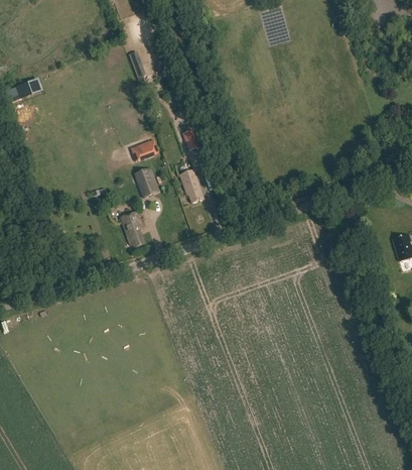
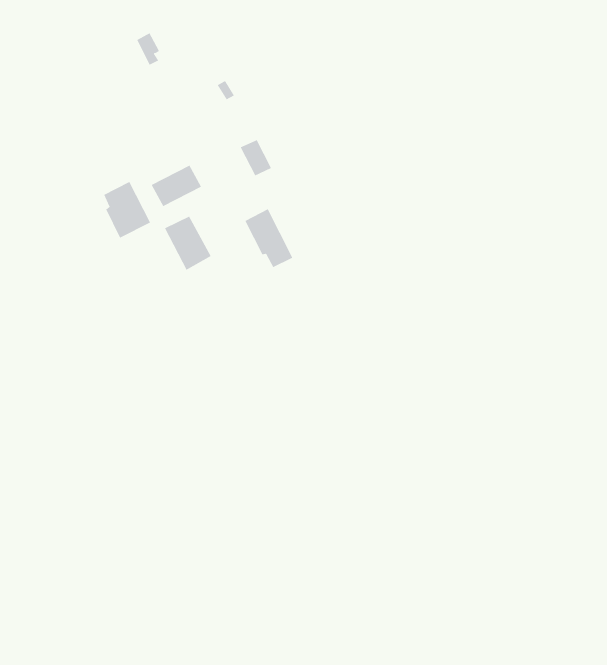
building: none -> [103,181,151,238]
building: [121,210,144,246] -> none

